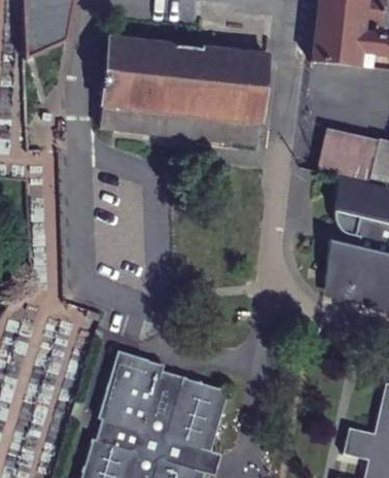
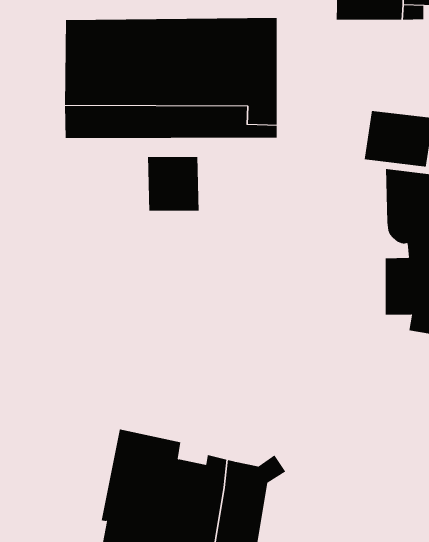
building: none -> [148,156,199,211]

